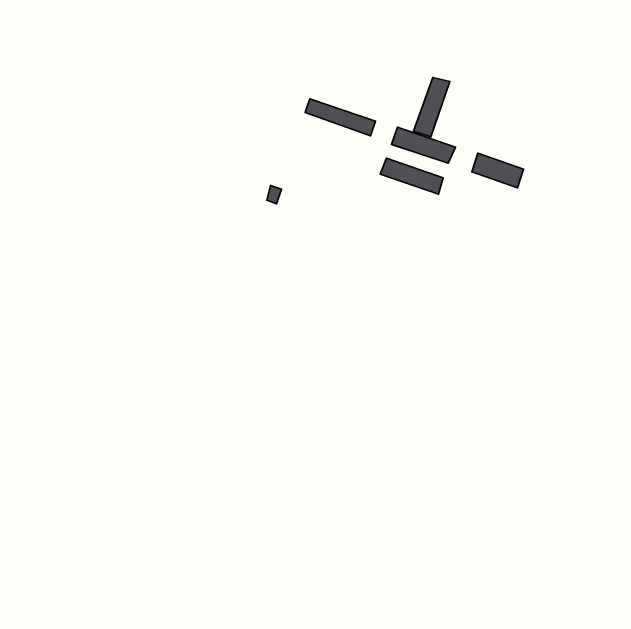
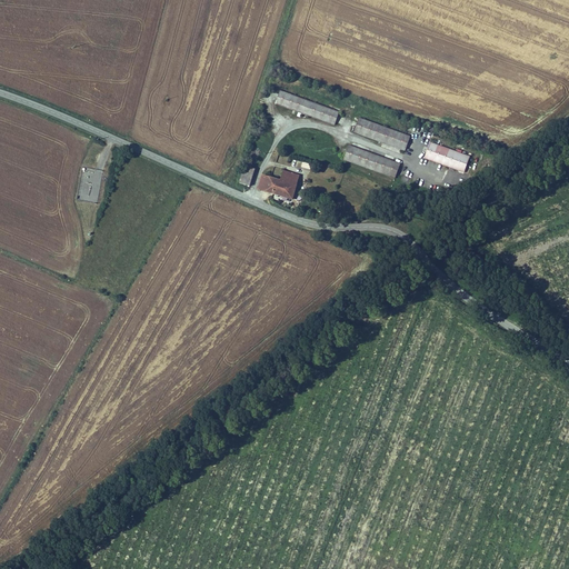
building: [414,77,450,137] -> none
building: none -> [257,172,298,199]

